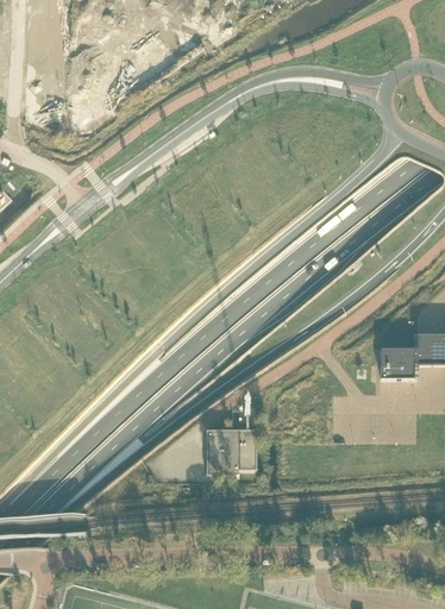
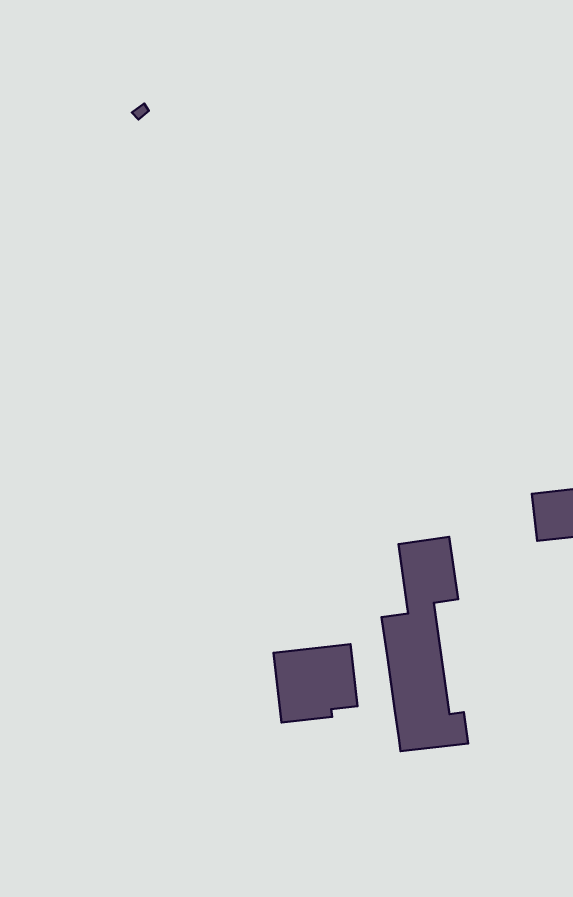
building: none -> [382,537,468,751]

